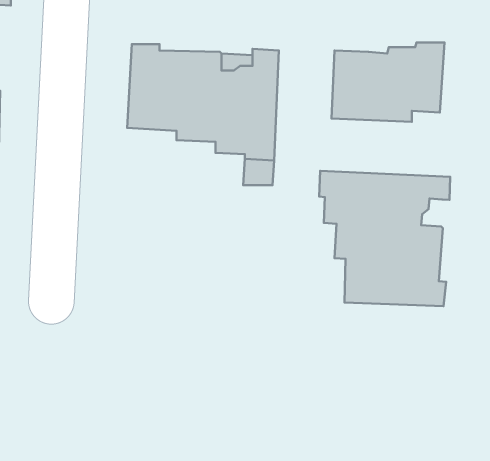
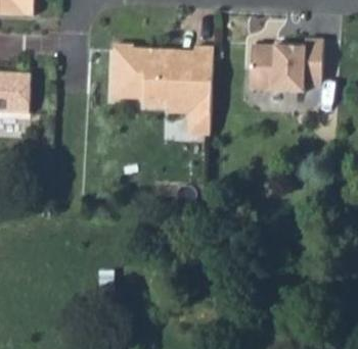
building: [319,171,450,306] -> none

